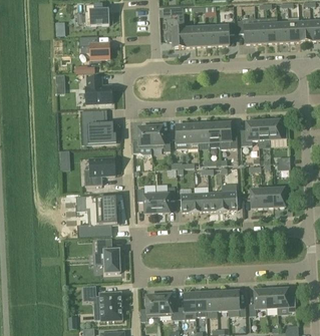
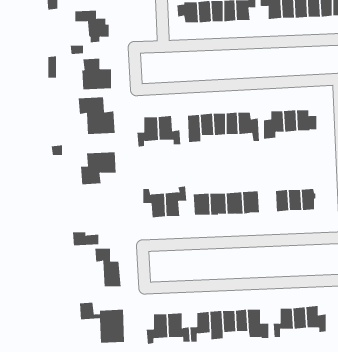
building: [87,199,117,226] -> none

